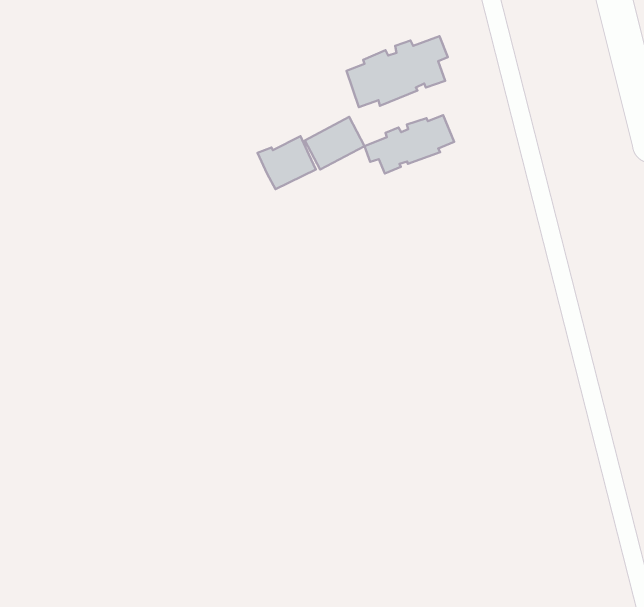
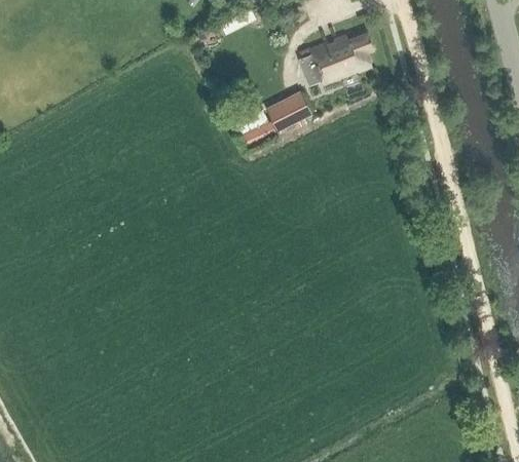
building: [365,115,454,173] -> none

